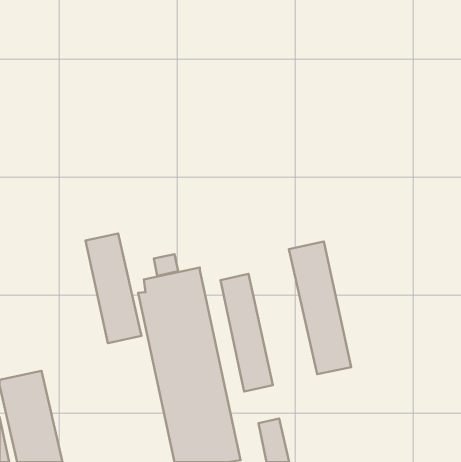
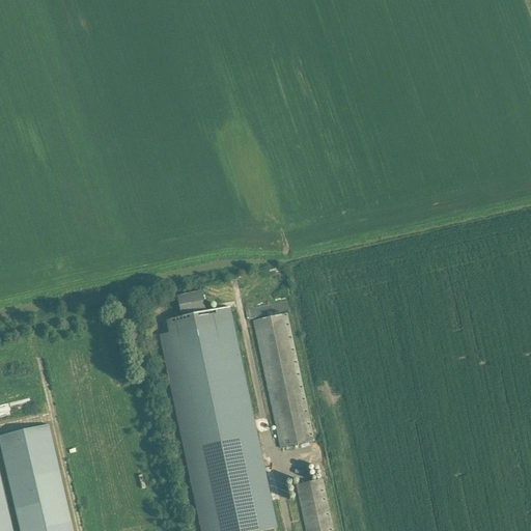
building: [86,233,141,343] -> none
building: [289,241,351,374] -> none

